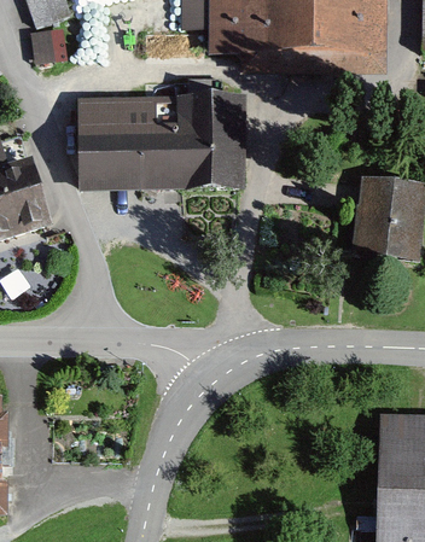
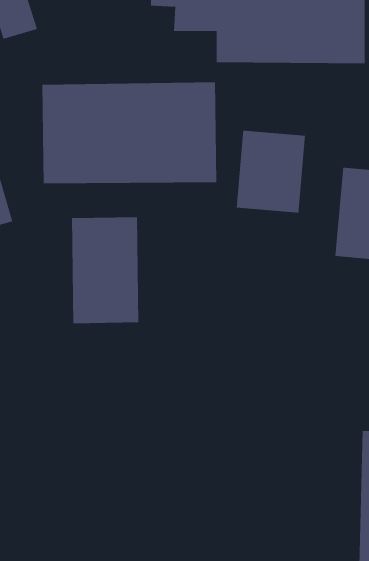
building: none -> [236,130,305,213]
building: none -> [72,216,139,324]

